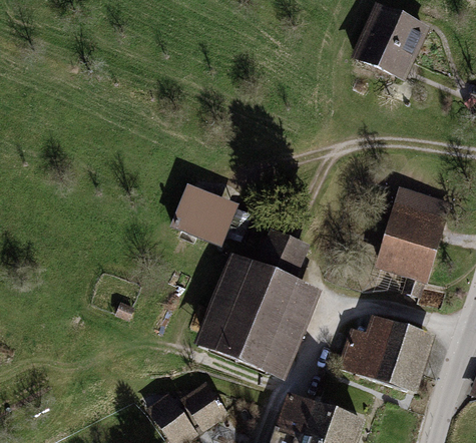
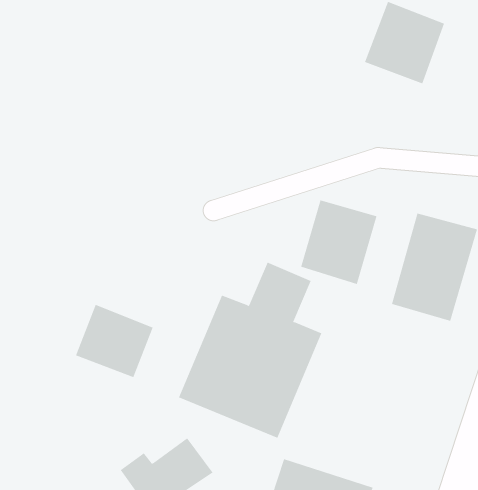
building: none -> [301,199,377,285]
building: [165,184,232,248] -> [75,304,154,378]
building: [341,315,433,389] -> none

